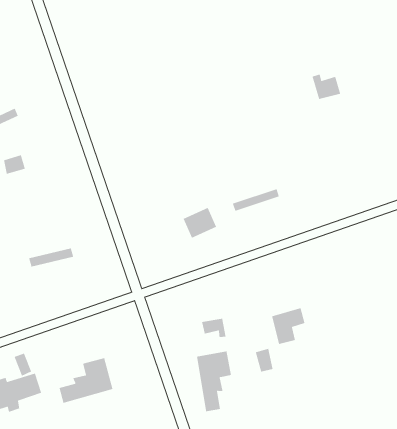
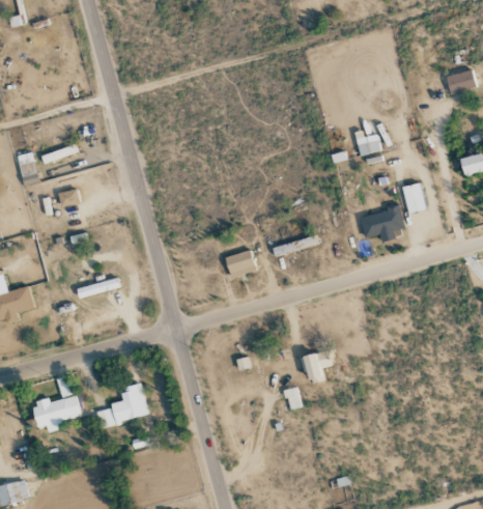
building: none -> [403,182,426,213]
building: none -> [360,203,405,237]
building: [196,351,232,412] -> none

